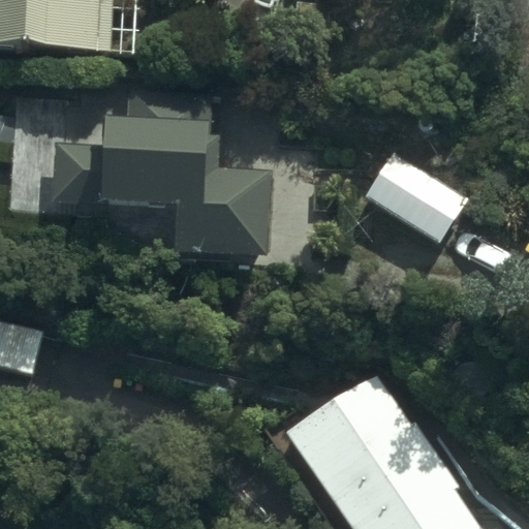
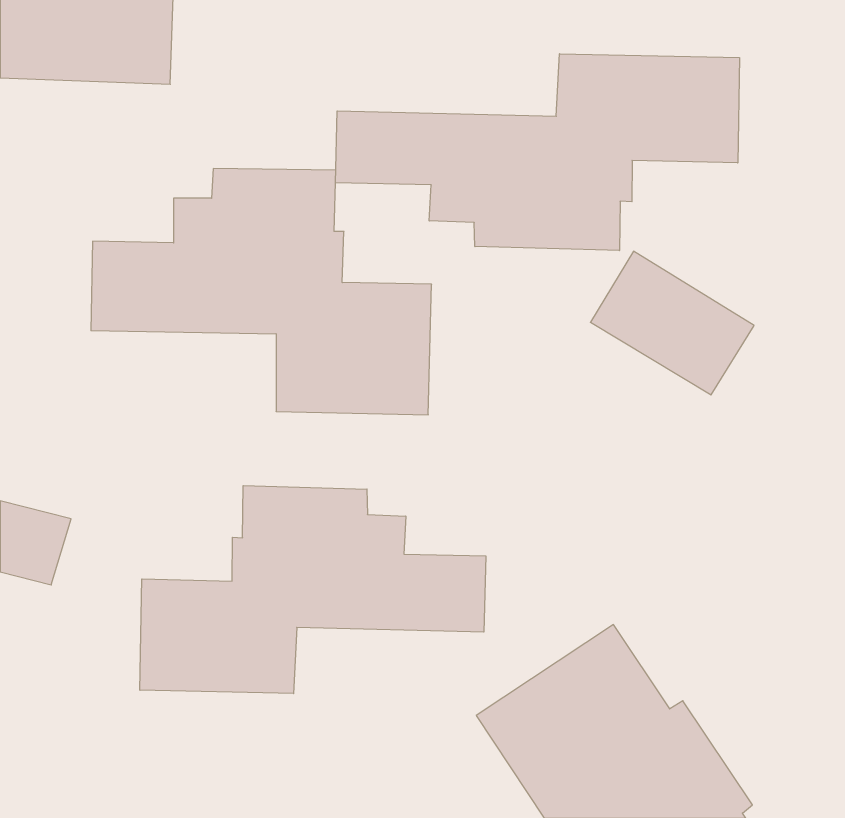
building: none -> [335,54,739,251]
building: none -> [140,486,486,694]

